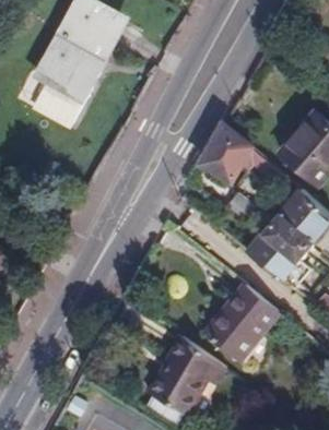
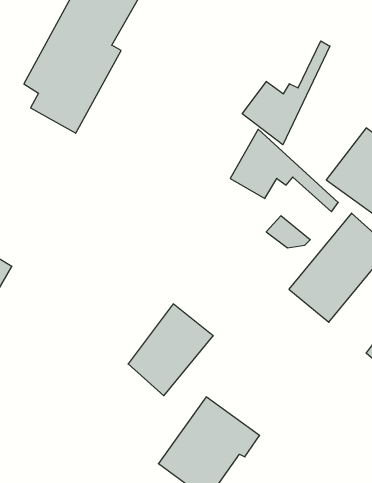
building: none -> [242,41,330,145]
building: [208,288,278,363] -> [128,304,213,396]

